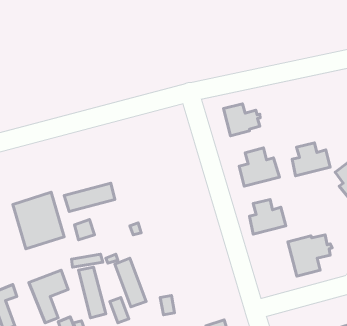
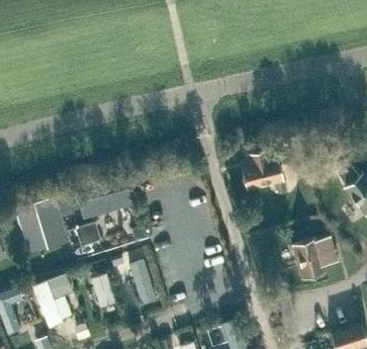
building: [224,104,260,136] -> none
building: [292,143,330,176] -> none
building: [250,199,286,234] -> none

